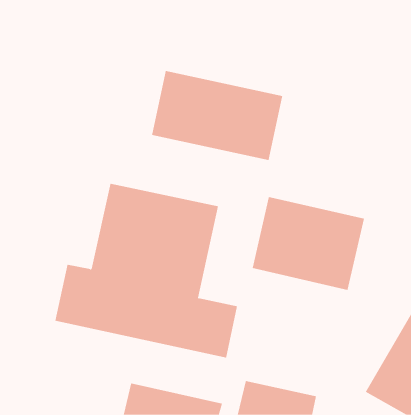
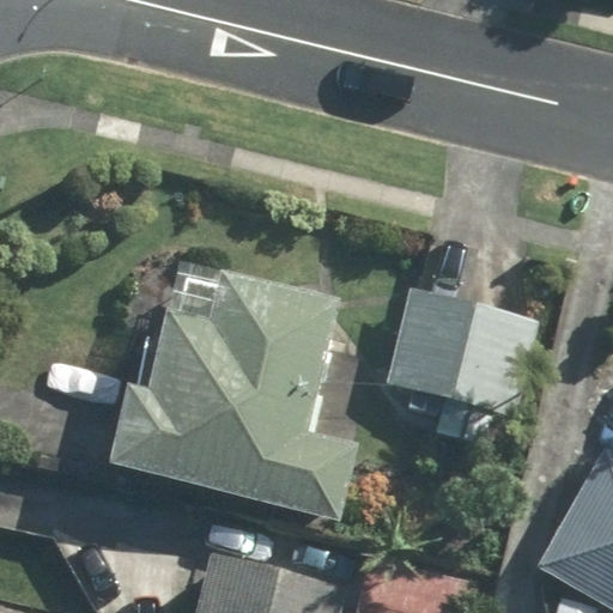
building: [151,70,283,161] -> none

